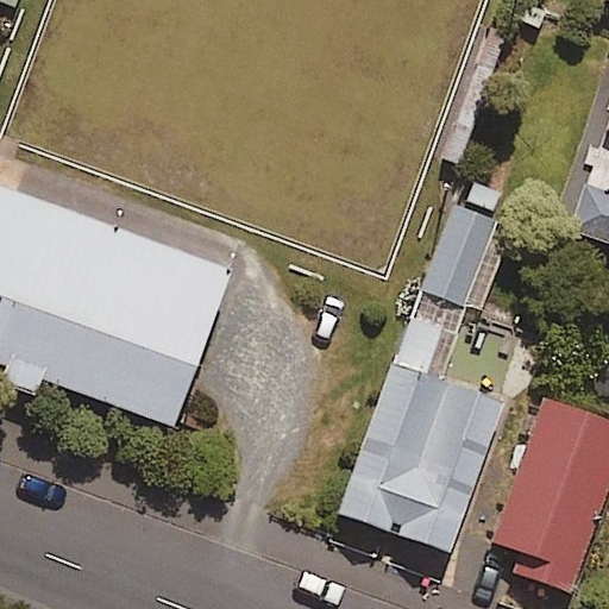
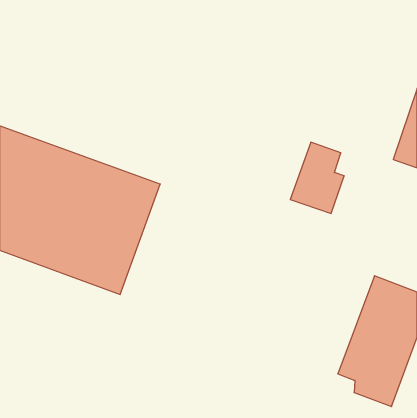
building: [337,365,501,552] -> none

